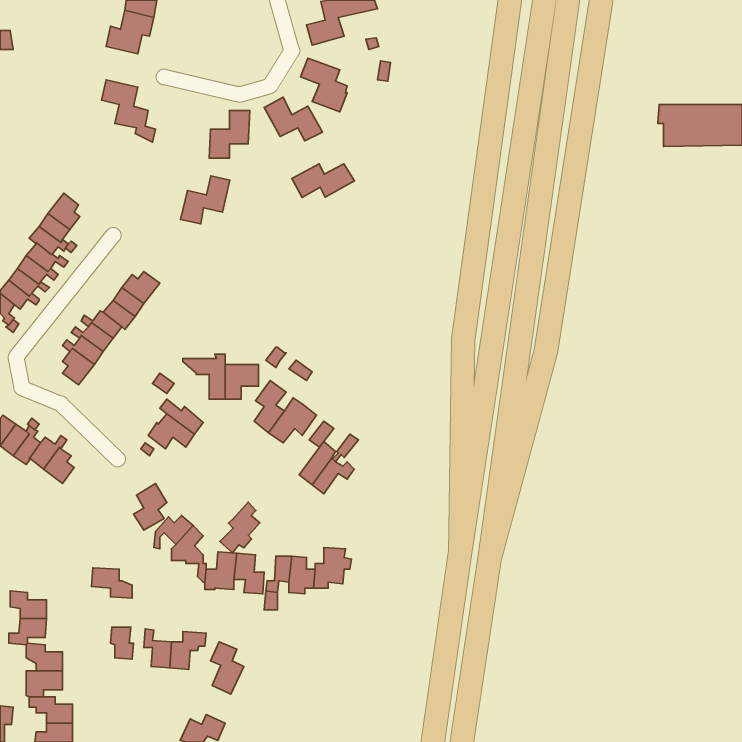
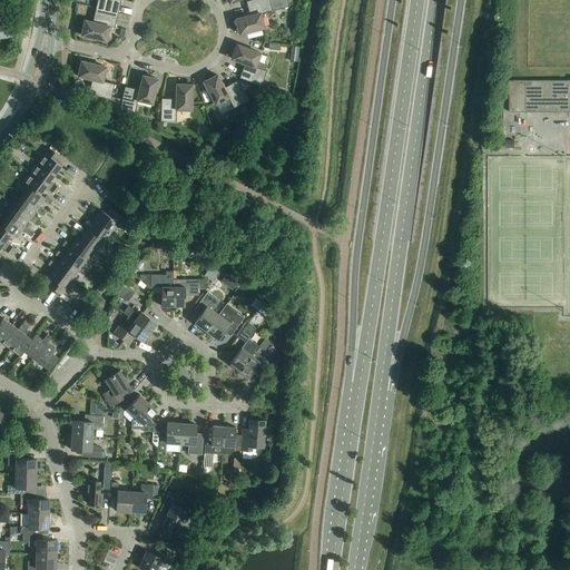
building: [292,164,355,197] -> none
building: [180,176,230,224] -> [119,76,157,112]
building: [220,502,260,553] -> none
building: none -> [71,415,104,436]

